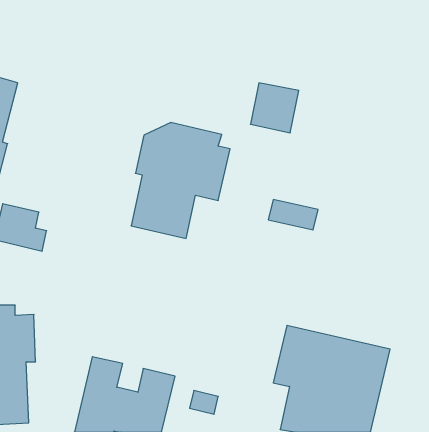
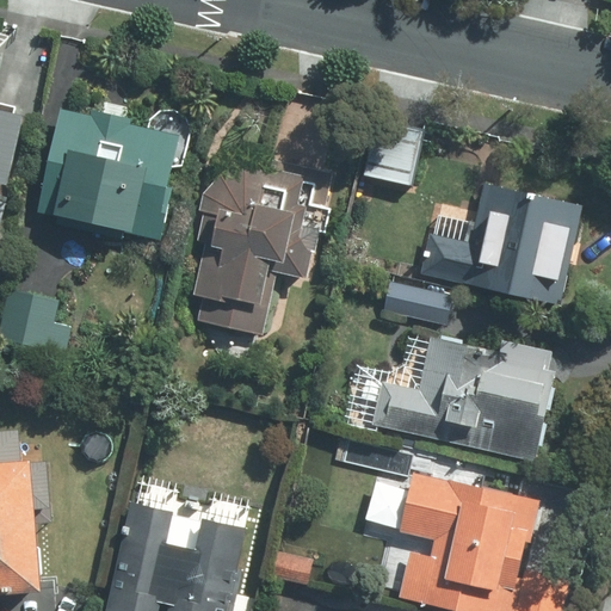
building: none -> [35,112,180,239]
building: none -> [418,183,581,308]
building: none -> [368,340,558,464]

